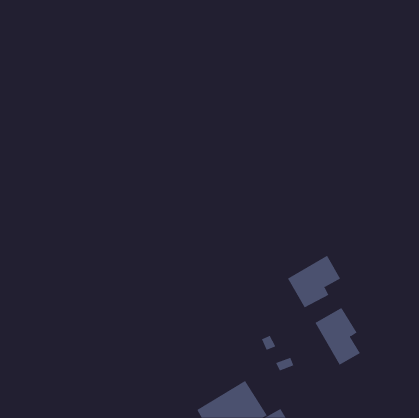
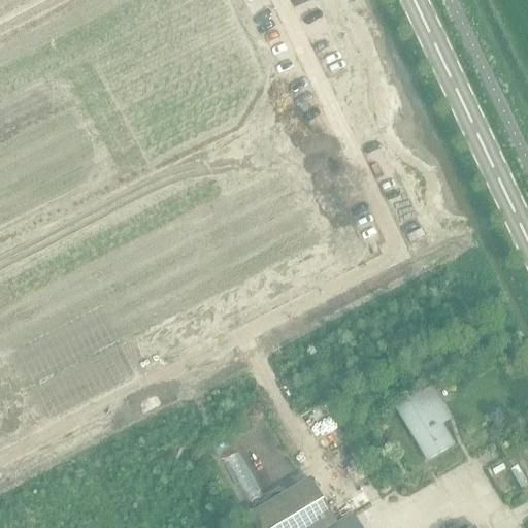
building: [287,255,341,308] -> none

